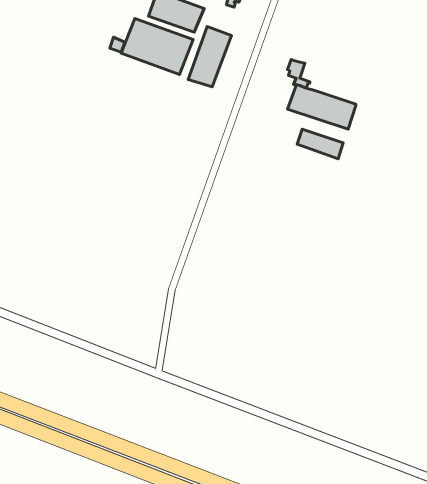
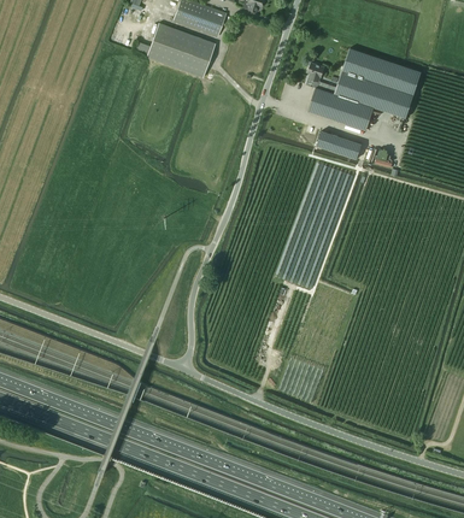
building: [188,26,231,87] -> none
building: none -> [334,49,421,119]

